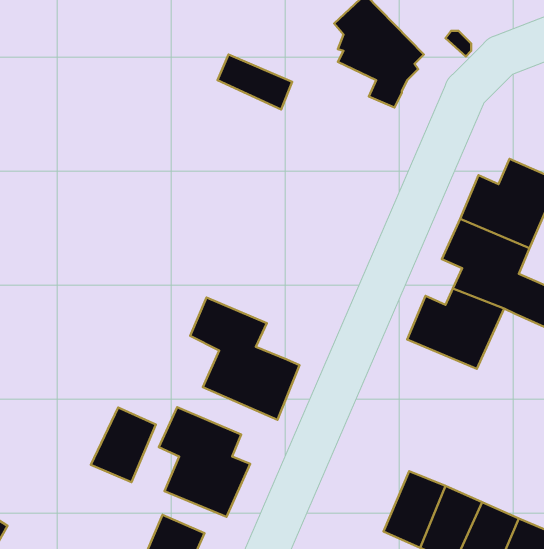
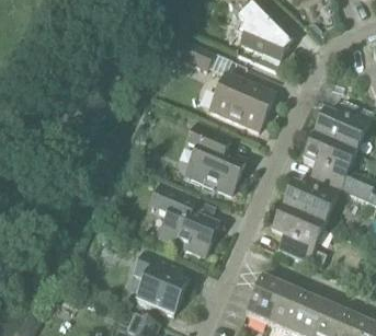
building: none -> [209,70,274,128]
building: none -> [186,121,244,192]
building: none -> [271,206,324,264]
building: [91,408,156,482] -> none
building: none -> [246,275,283,321]

